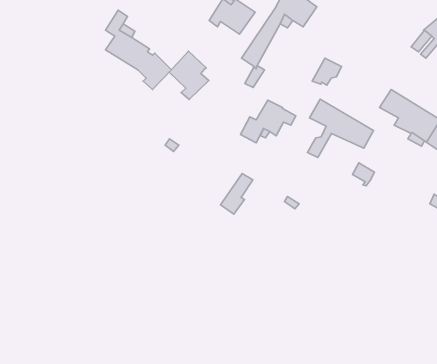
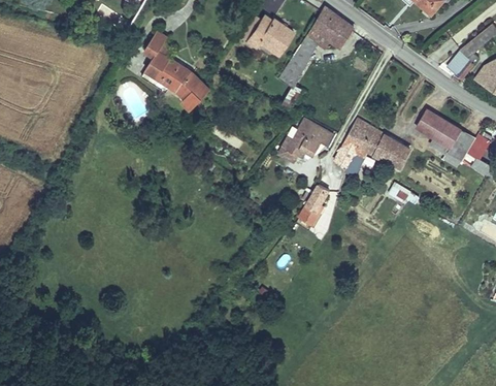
building: [169,51,209,100] -> none
building: [312,58,342,85] -> [334,137,363,164]
building: [220,173,253,214] -> [296,184,328,224]

